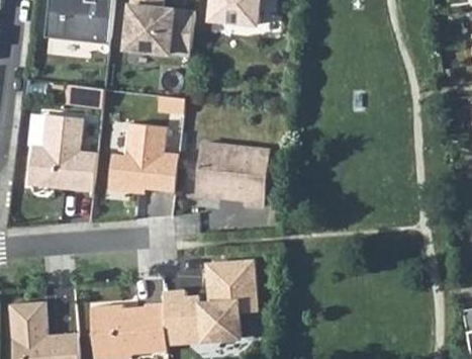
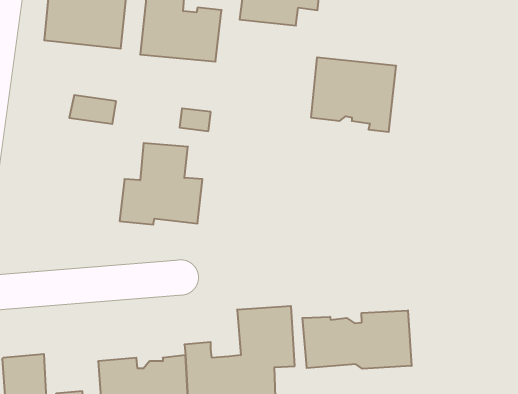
building: [27,113,97,192] -> none
building: [196,144,268,206] -> [311,57,396,132]
building: none -> [302,310,412,369]

